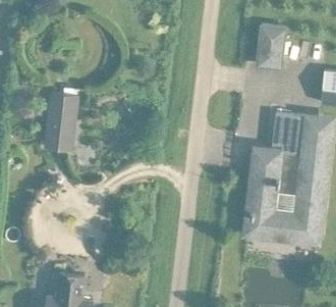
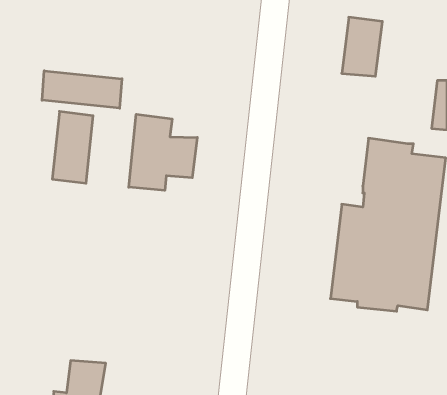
building: none -> [42,71,122,108]
building: none -> [129,114,197,190]

